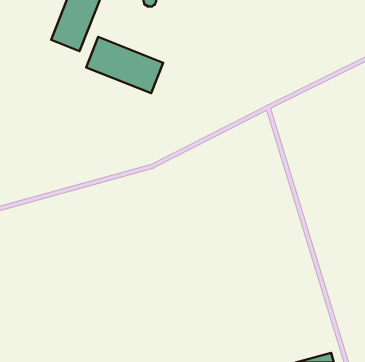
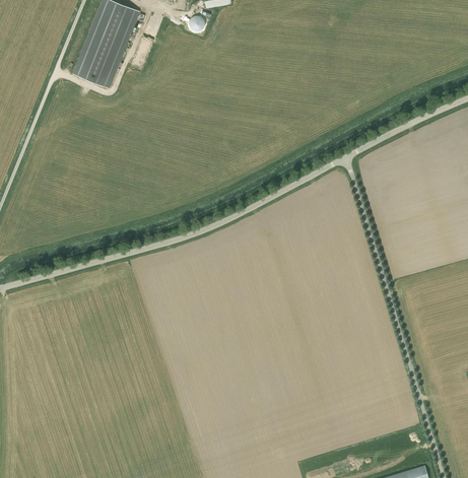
building: [86,37,163,93] -> none

